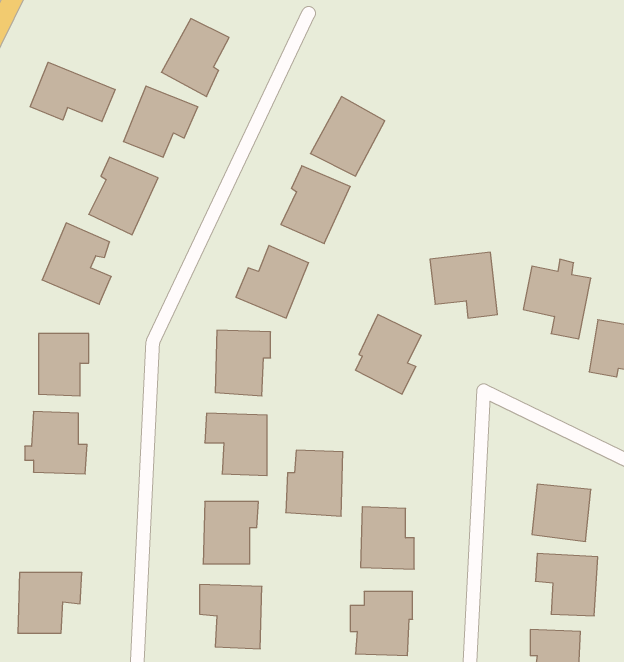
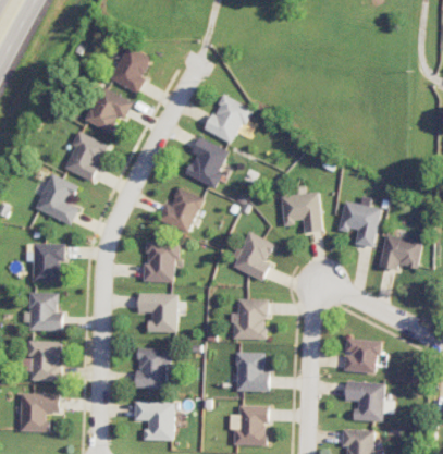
building: [30,62,115,122] -> none
building: [286,450,343,516] -> [231,298,267,340]
building: none -> [21,341,61,380]

